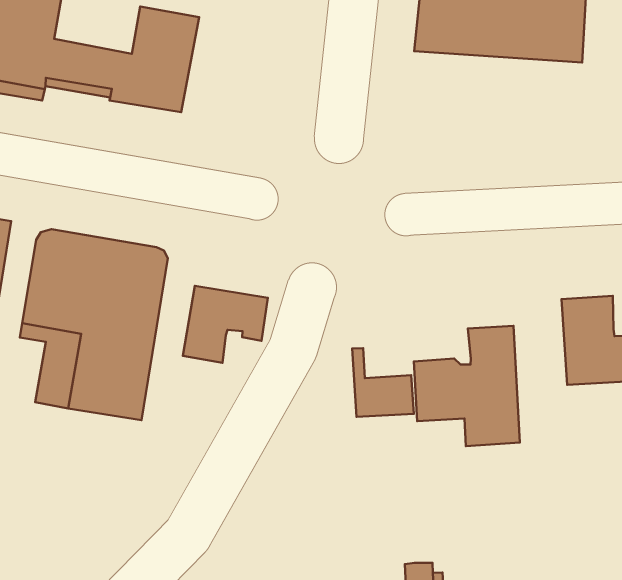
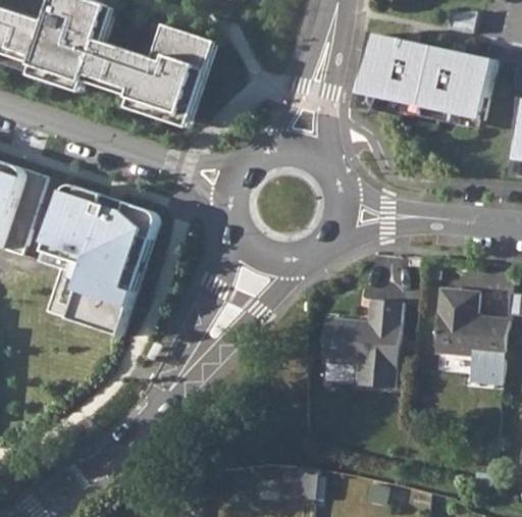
building: none -> [129,46,215,124]
building: [183,286,268,363] -> none
building: [352,348,414,417] -> none

